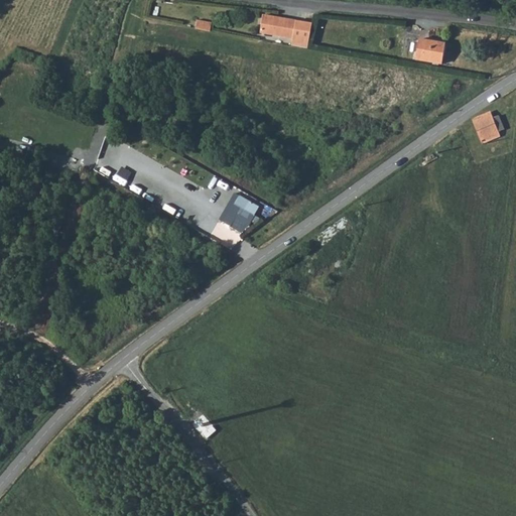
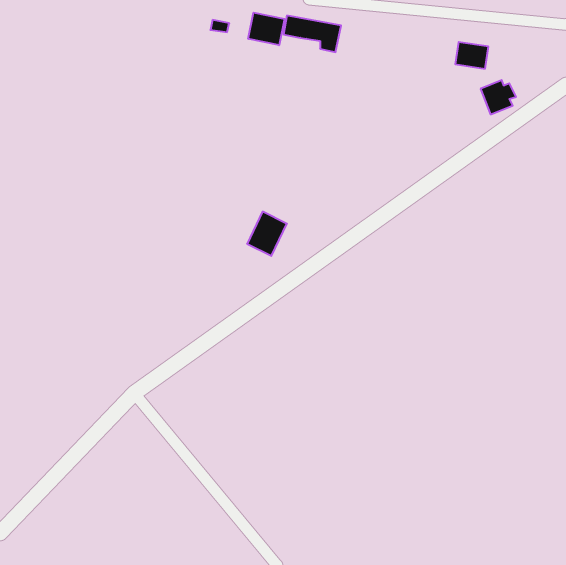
building: none -> [248,13,284,45]
building: [472,112,504,143] -> [481,80,516,114]

